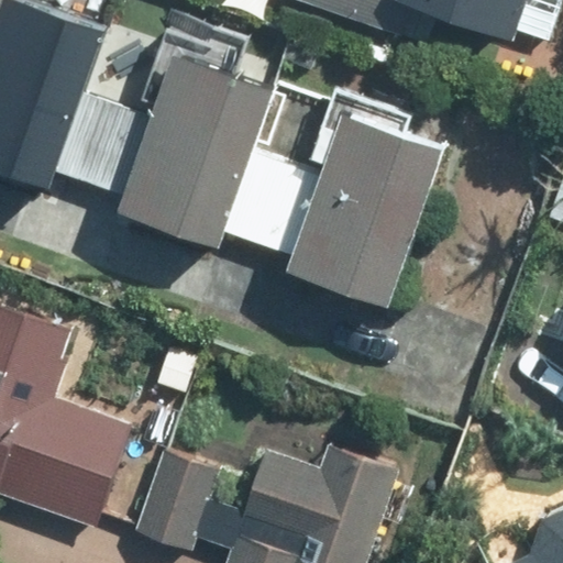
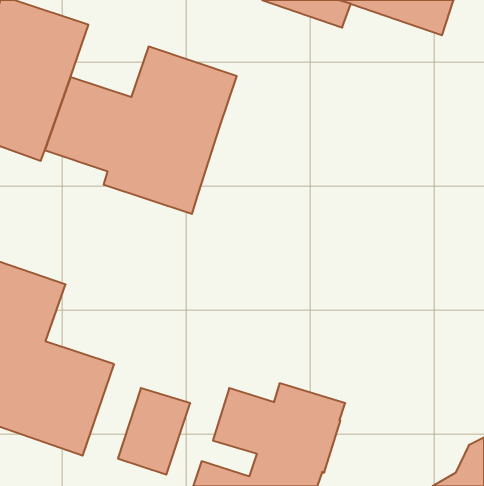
building: [227,113,441,306] -> none

